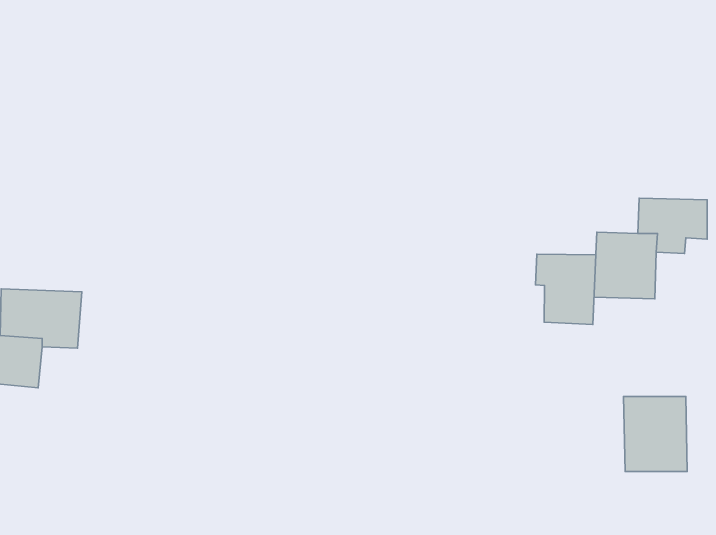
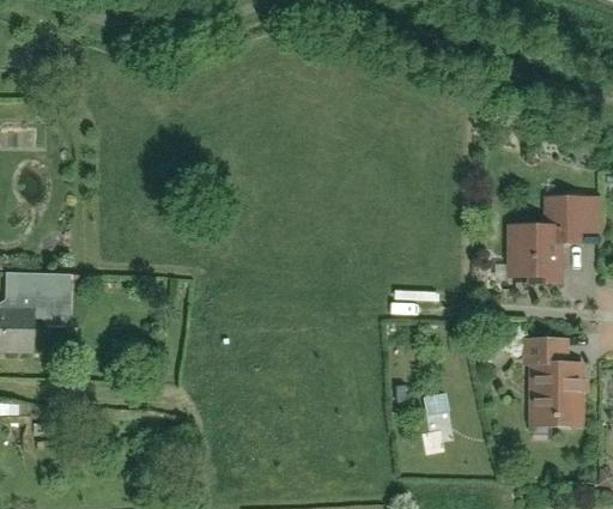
building: [536,254,596,325] -> none
building: none -> [523,338,565,362]

